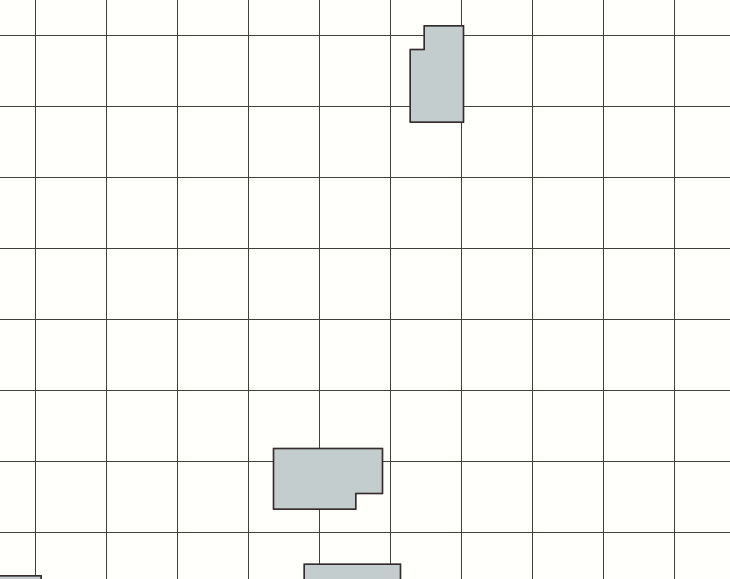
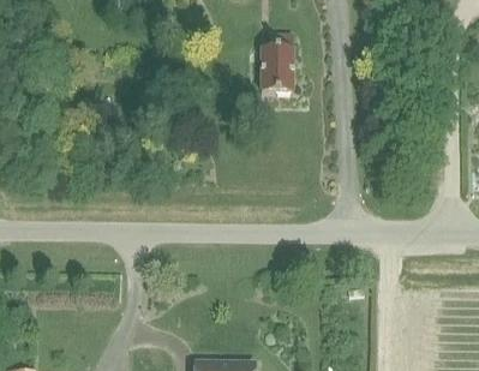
building: [273,448,383,509] -> none

